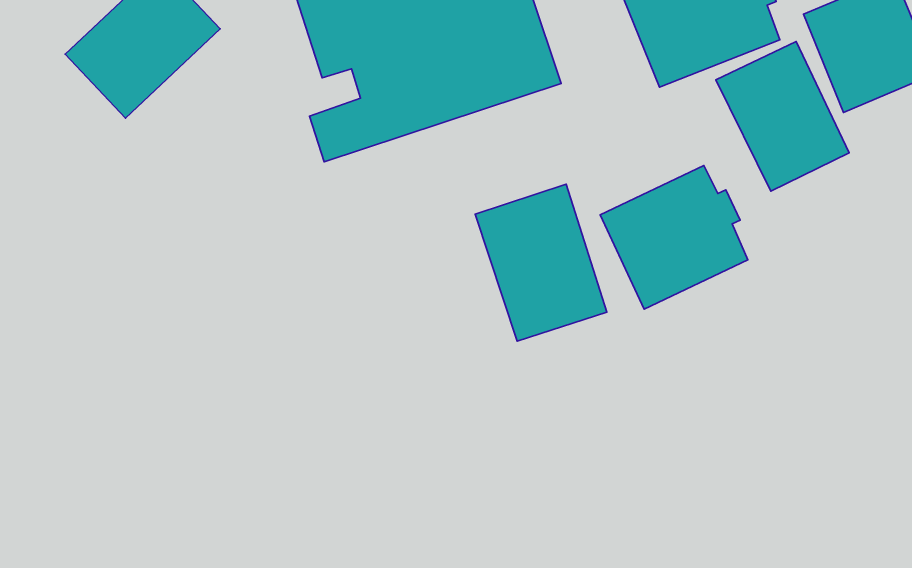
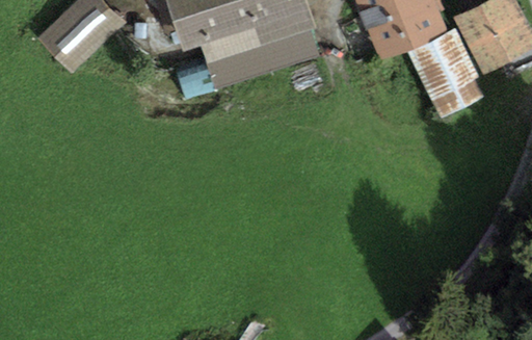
building: [600,165,748,309] -> none
building: [475,184,607,341] -> none

